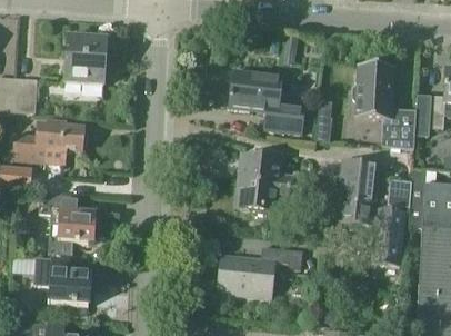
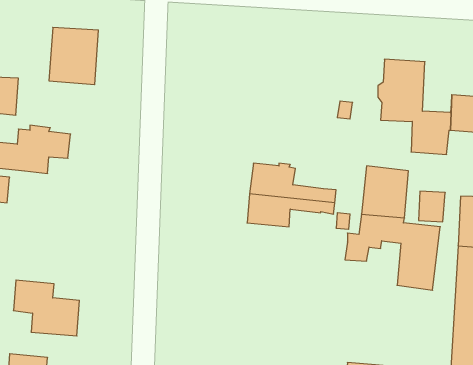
building: [229,68,305,132] -> none
building: [40,192,96,253] -> none
building: [219,246,290,297] -> none

